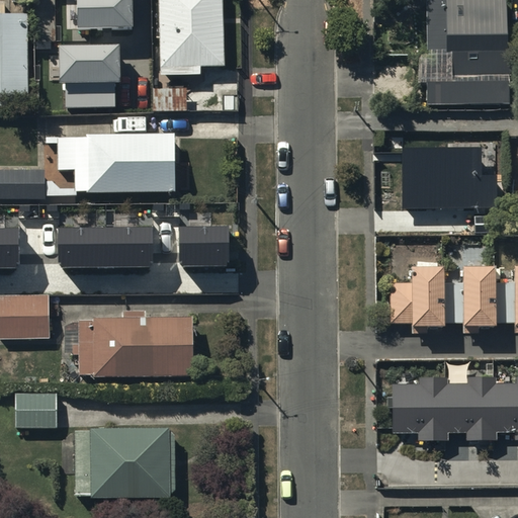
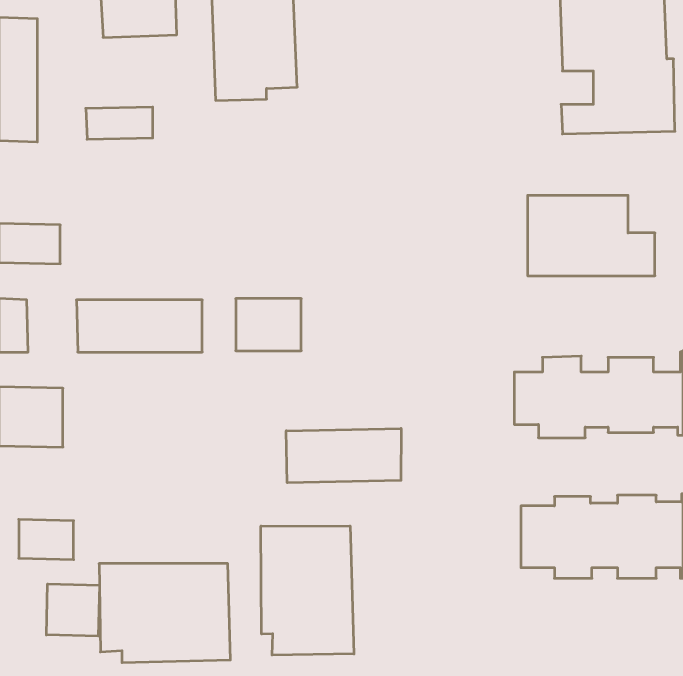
building: [60,44,119,82] -> none
building: [59,134,188,194] -> none
building: [73,310,193,377] -> none
building: none -> [286,428,401,483]
building: none -> [261,526,354,655]
building: none -> [46,584,99,636]

